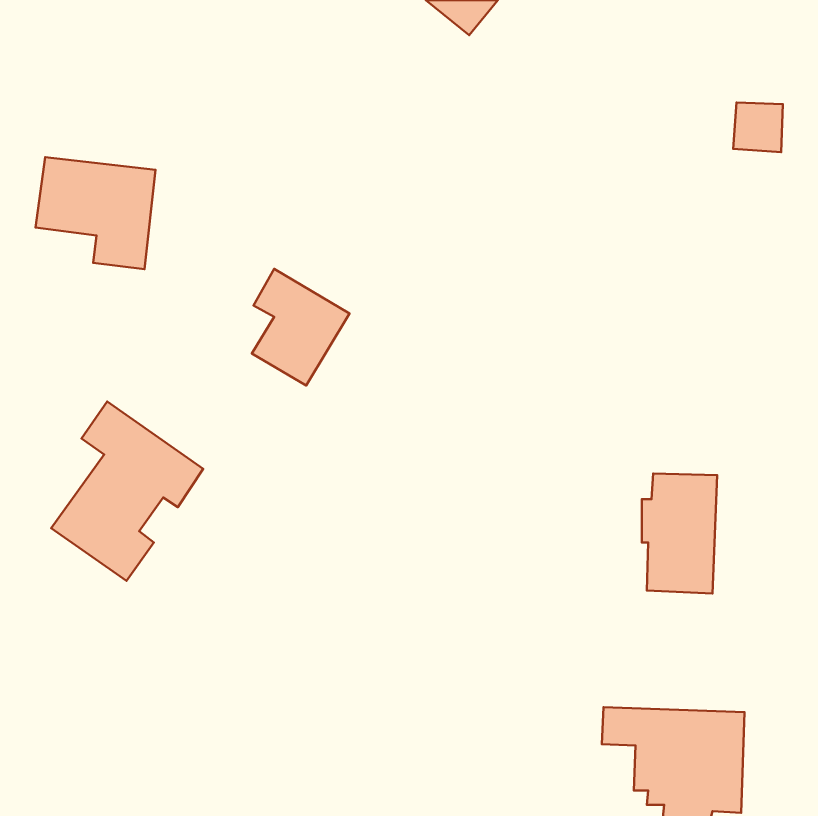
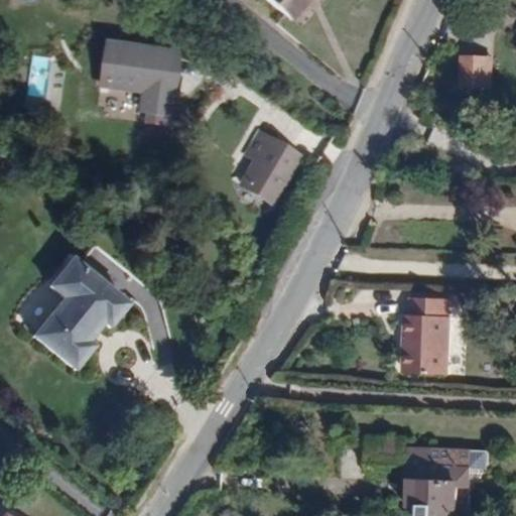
building: [36,157,156,269] -> [101,39,176,110]
building: [252,269,349,386] -> [240,129,301,203]

